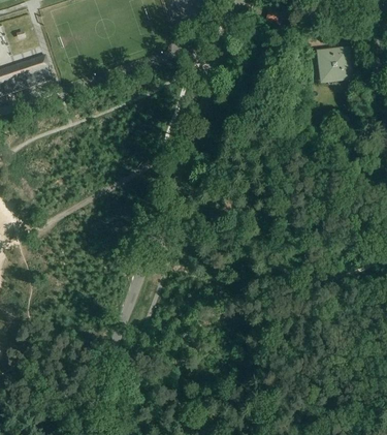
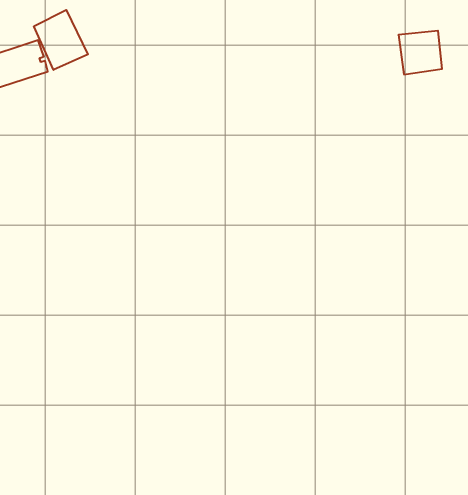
building: none -> [34,10,88,70]

